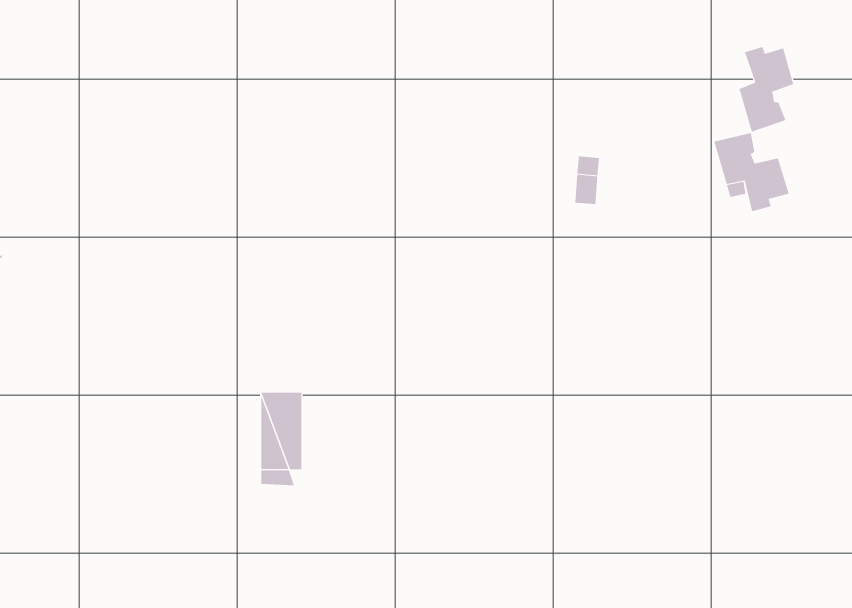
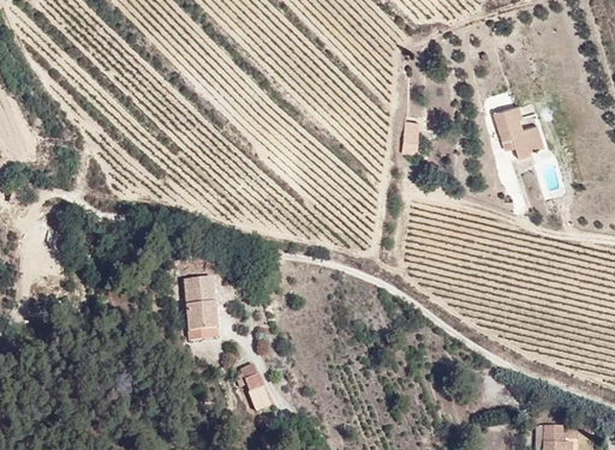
building: [739,46,794,133] -> none
building: none -> [234,366,270,412]

